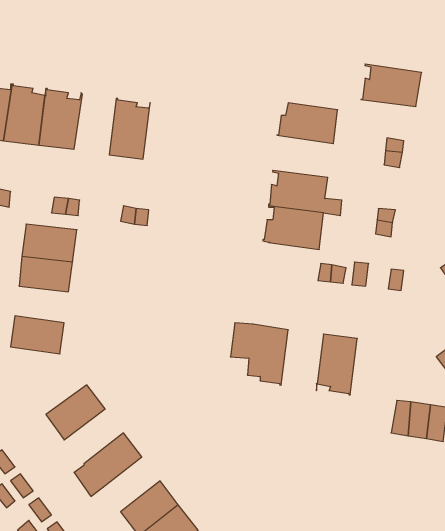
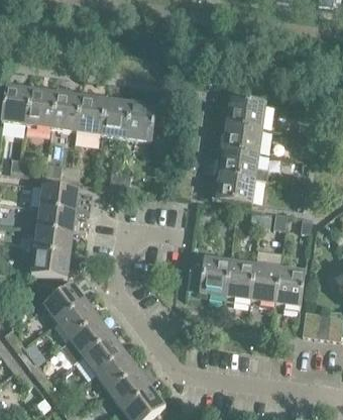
building: [361,64,422,106] -> [218,121,261,151]
building: none -> [76,92,106,135]
building: none -> [125,98,155,141]
building: none -> [33,229,72,255]
building: none -> [224,260,254,304]
building: none -> [273,267,305,310]
building: none -> [42,282,85,321]
building: none -> [69,317,111,356]
building: none -> [96,351,137,391]

